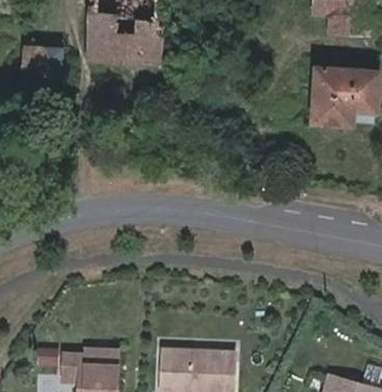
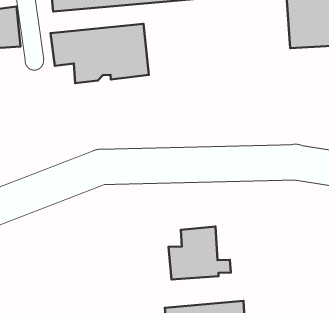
building: none -> [50,24,149,83]
building: none -> [168,227,231,280]

